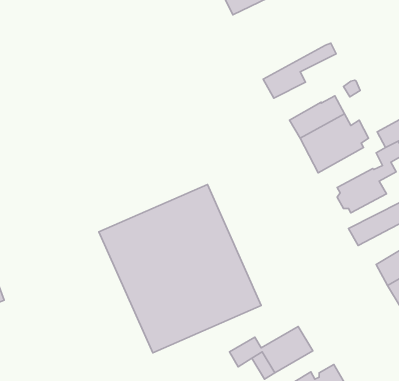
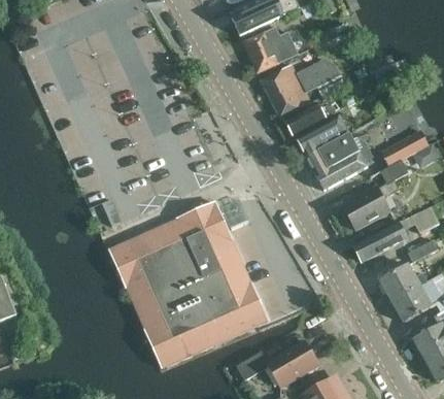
building: none -> [243,27,291,73]
building: none -> [261,58,331,99]
building: none -> [285,103,328,135]

